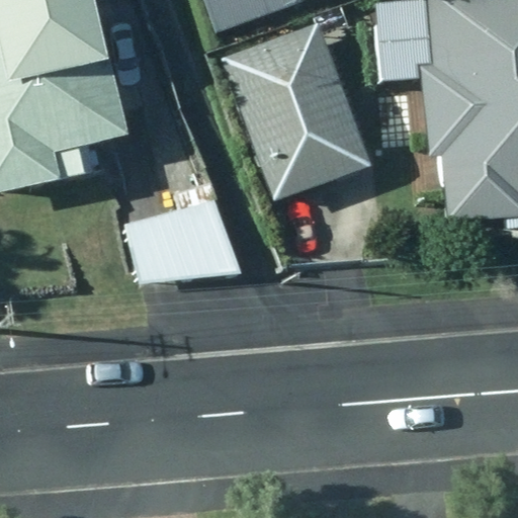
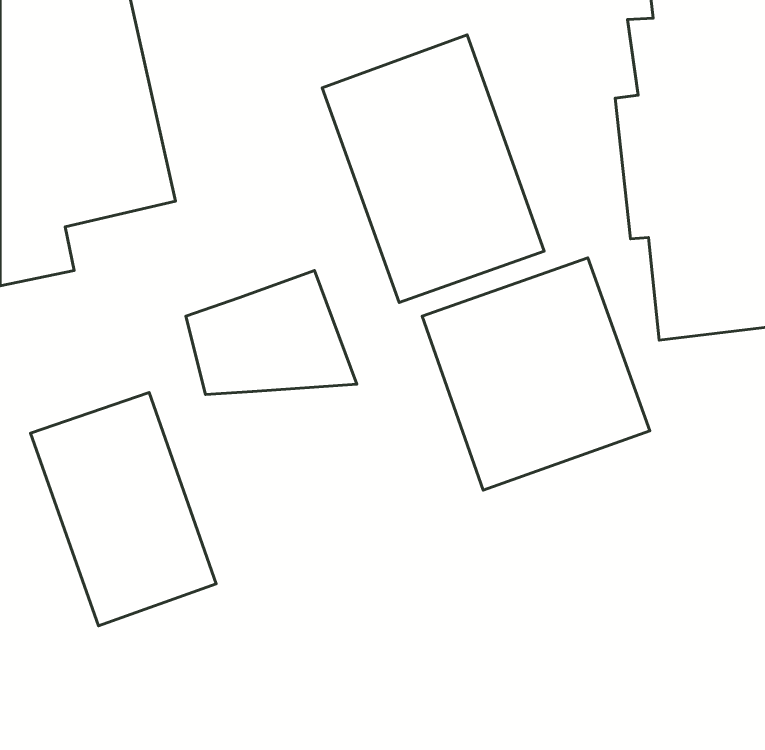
building: none -> [422,258,650,490]
building: none -> [31,392,216,626]

